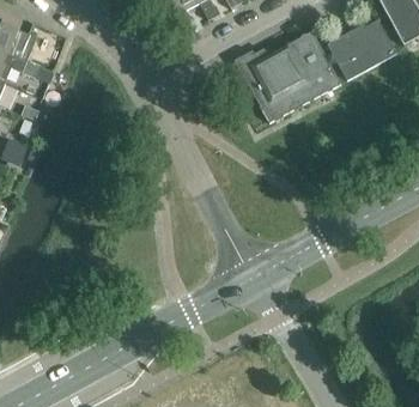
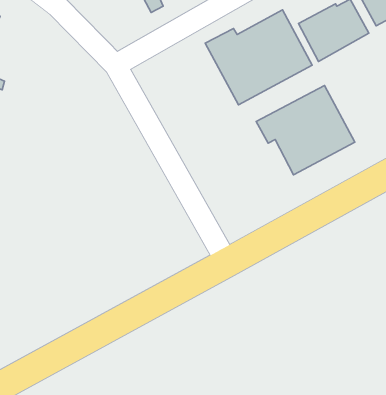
building: none -> [256,86,355,175]

